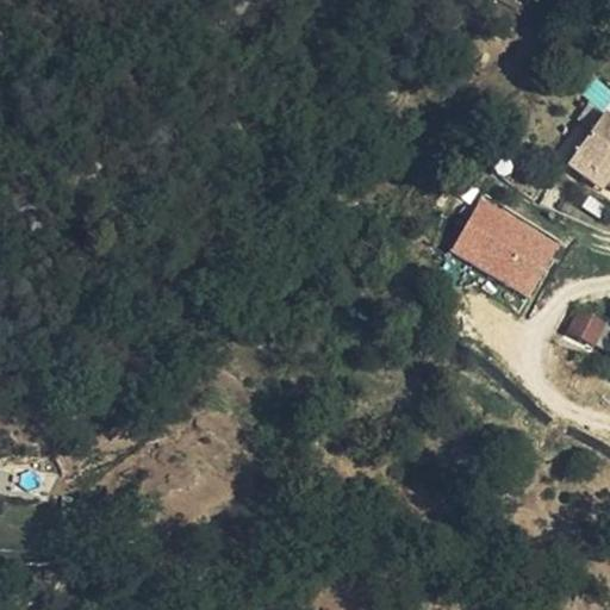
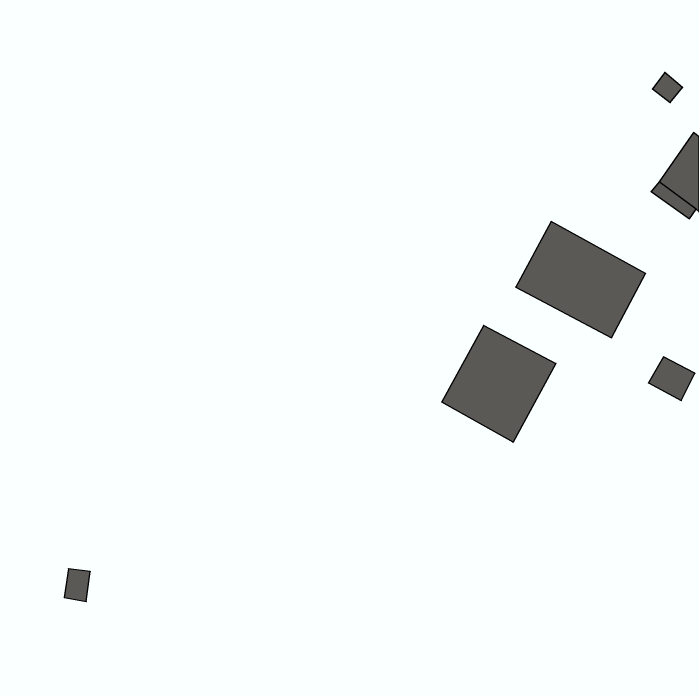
building: none -> [442,325,556,442]

